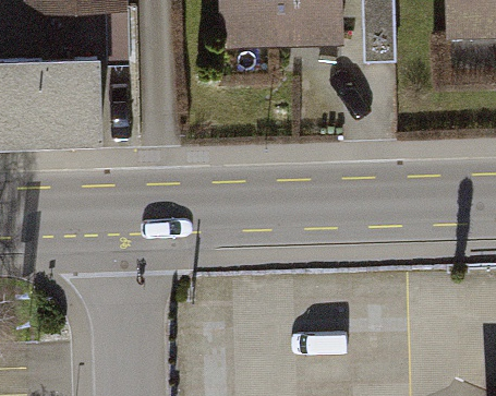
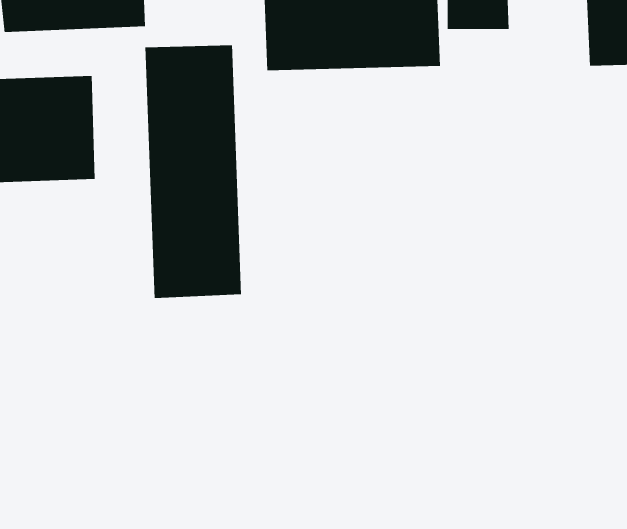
building: none -> [145,45,241,299]

